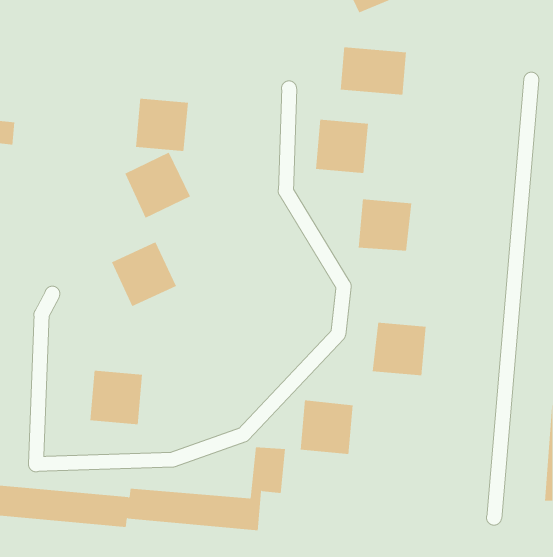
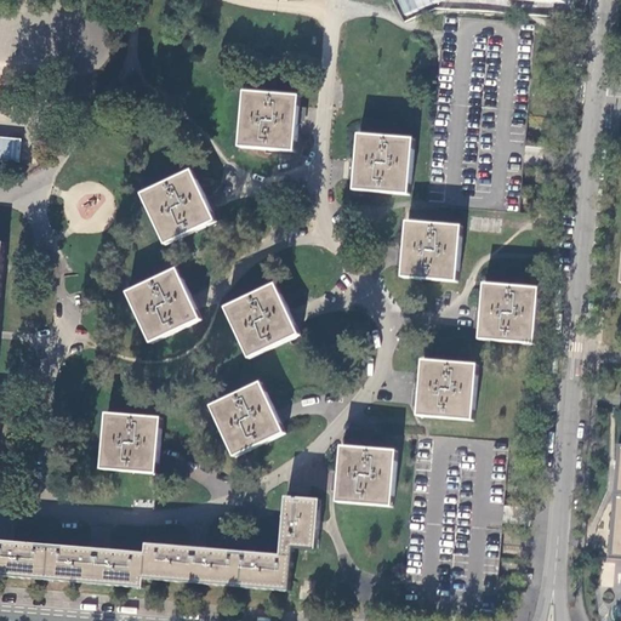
building: [340,47,406,96] -> none
building: [135,98,189,152] -> [237,89,296,148]
building: none -> [222,283,296,355]
building: none -> [477,283,535,342]
building: none -> [209,381,281,455]

